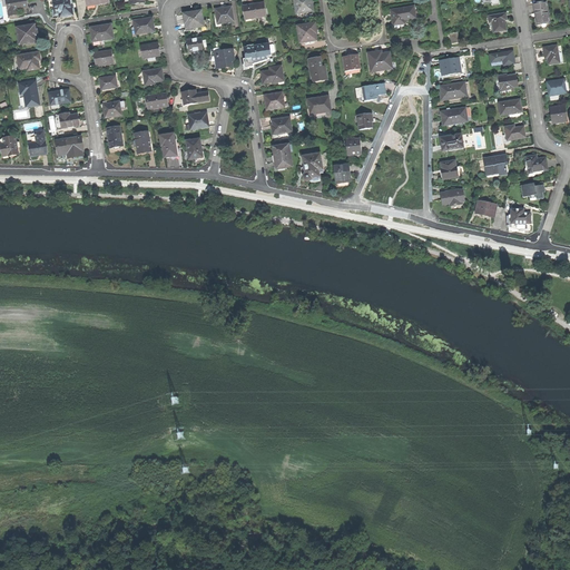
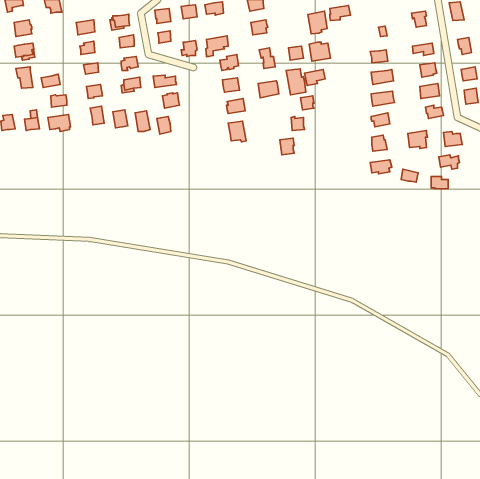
building: none -> [308,11,327,34]
building: none -> [286,69,306,95]
building: [301,153,322,181] -> none

